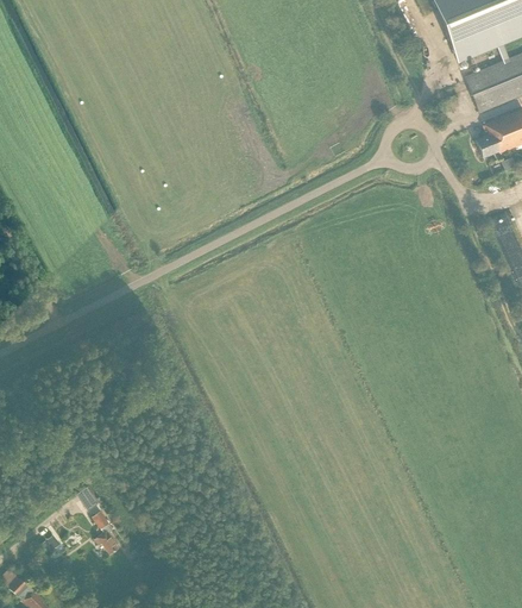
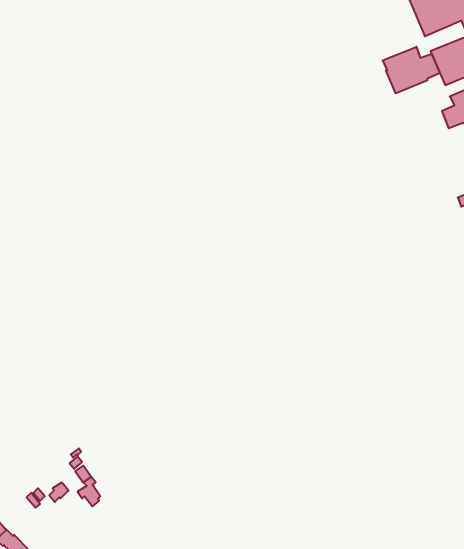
building: none -> [383,47,440,93]

